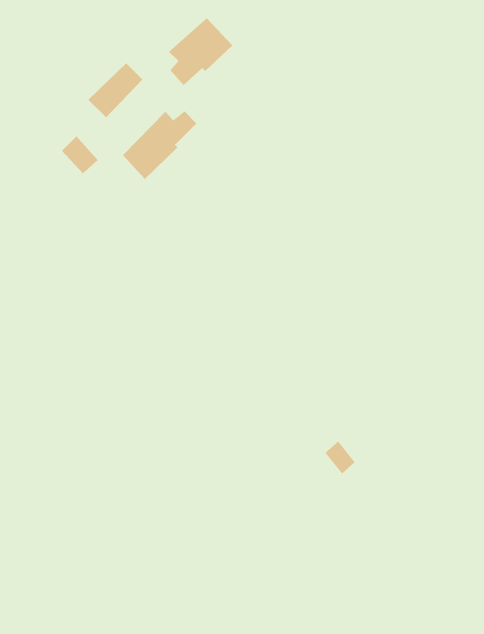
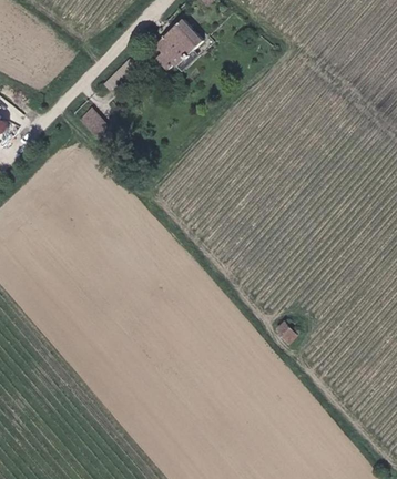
building: [122,110,197,180] -> none

